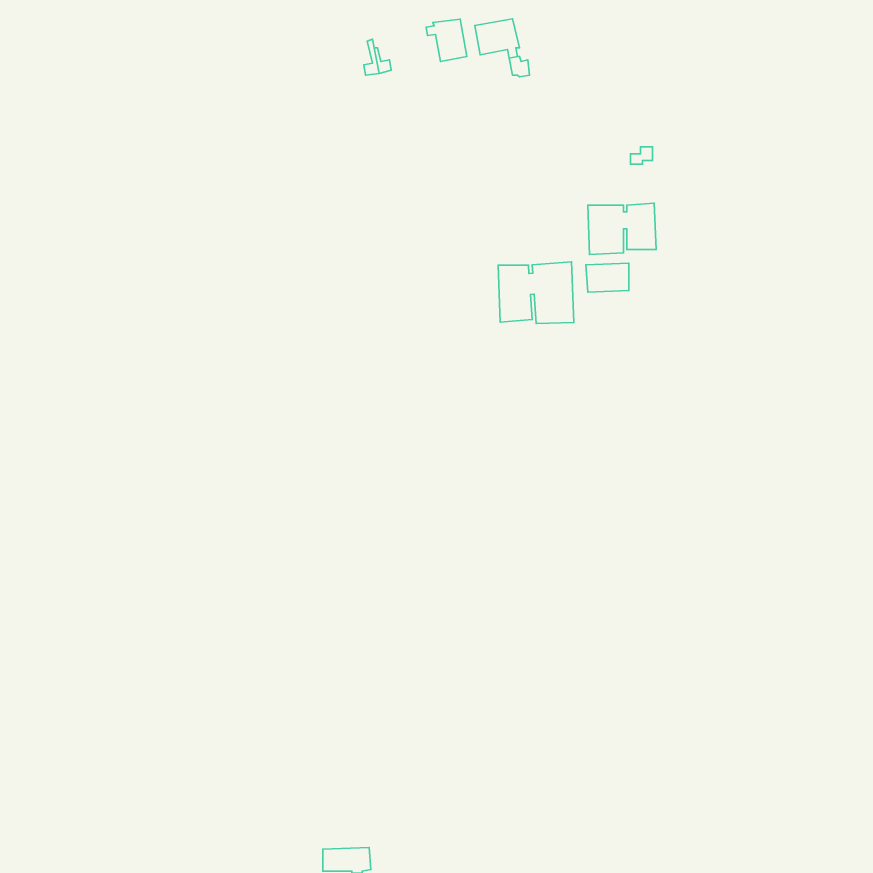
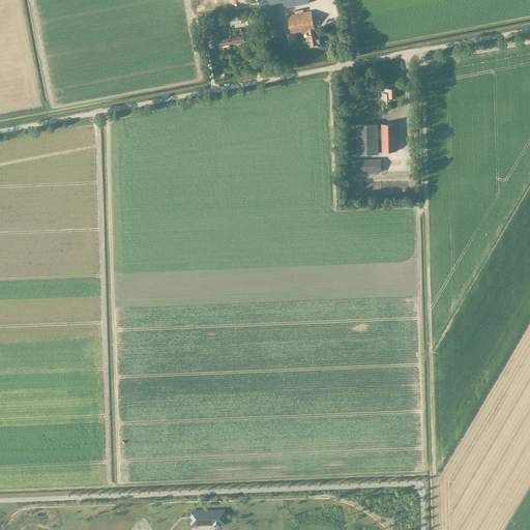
building: [426,19,467,62] -> none
building: [498,262,574,323] -> none

